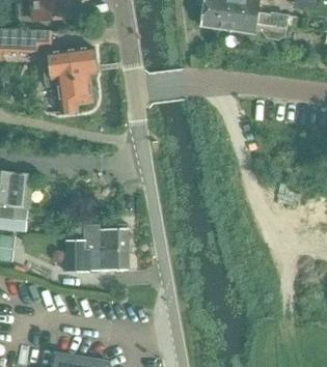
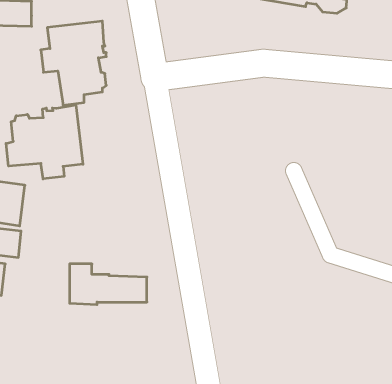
building: none -> [6,105,83,179]
building: [82,224,127,248] -> none

